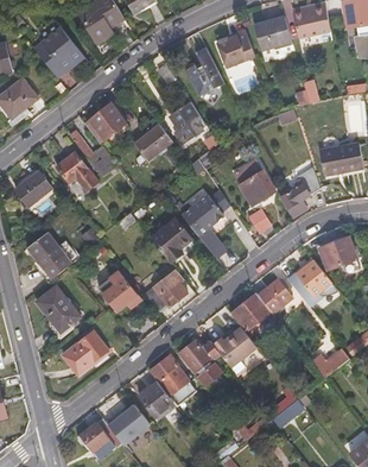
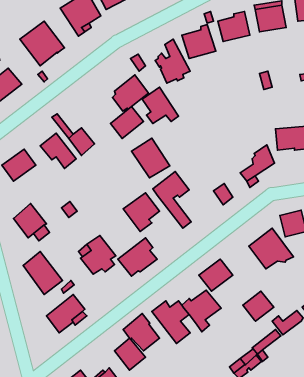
building: [85,100,126,140] -> [112,75,149,111]
building: [231,159,274,203] -> [131,138,170,178]
building: [258,278,292,311] -> [243,291,274,321]

